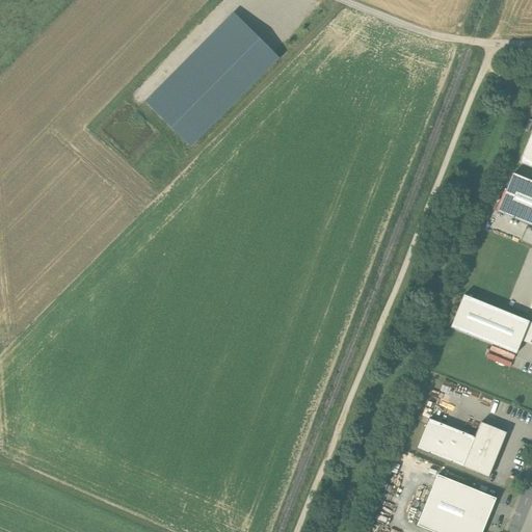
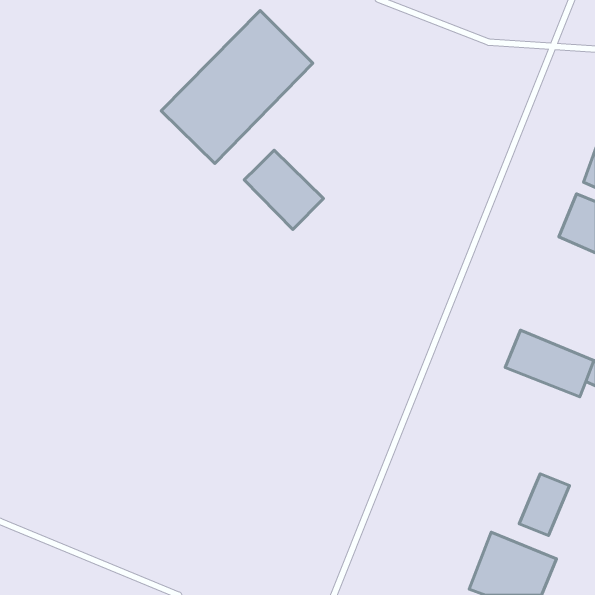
building: none -> [244,150,323,229]
building: [418,418,476,467] -> none

